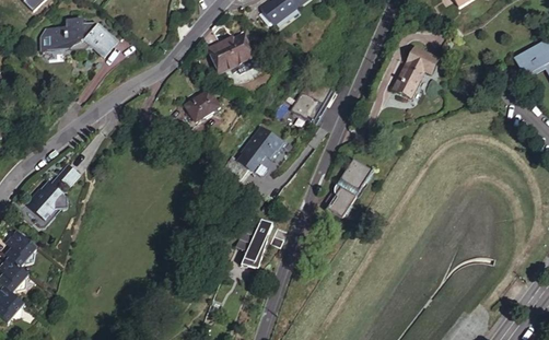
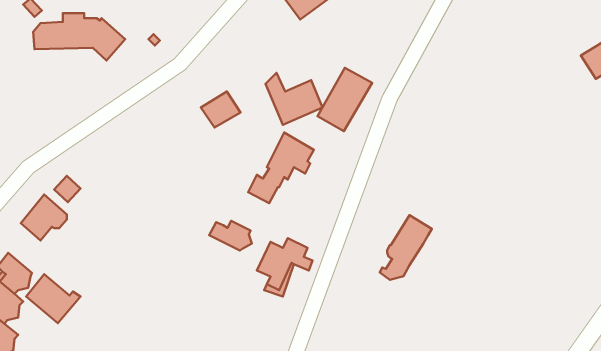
building: [206,24,256,70] -> [265,73,323,125]
building: [398,47,437,97] -> none
building: [325,155,371,212] -> [380,215,432,280]
building: none -> [209,221,252,250]
building: none -> [26,274,80,323]

